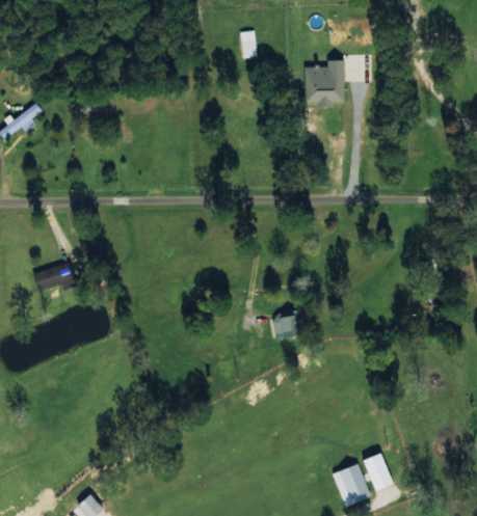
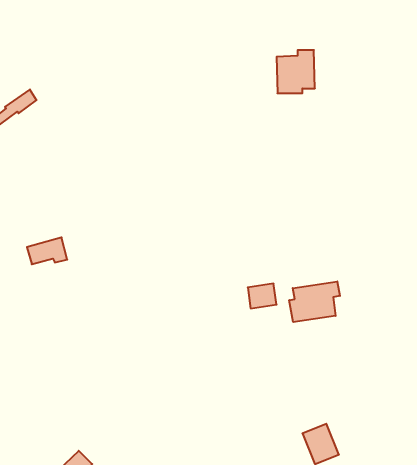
building: [239,29,258,58] -> none
building: none -> [289,281,340,322]
building: [365,453,392,490] -> none

